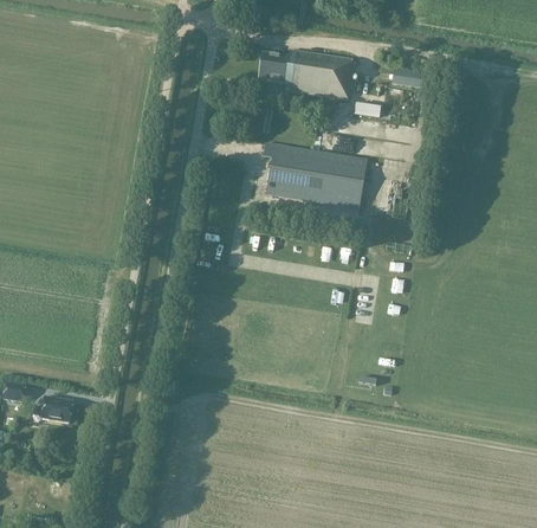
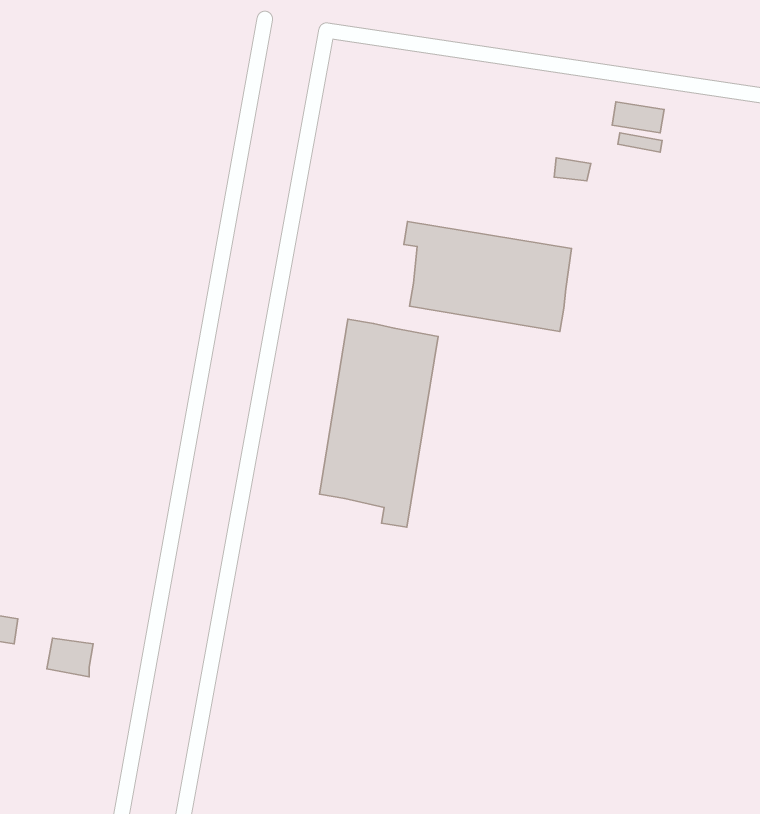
building: [259,50,352,99] -> none
building: none -> [319,319,438,527]

